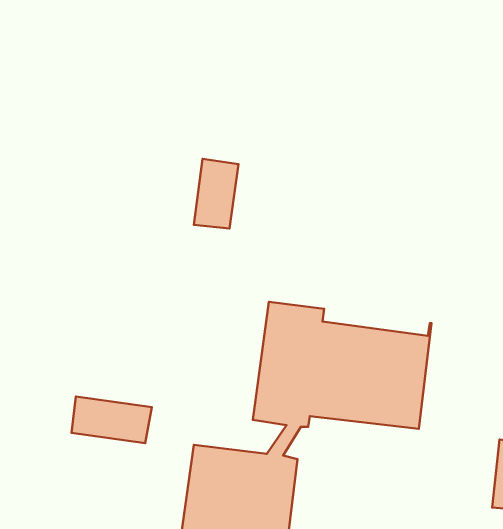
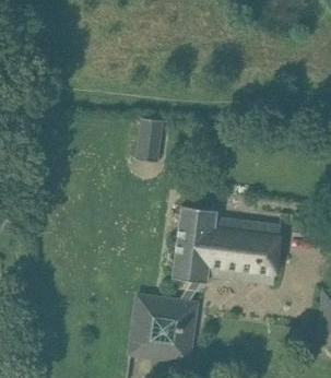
building: [71,397,152,443] -> none

